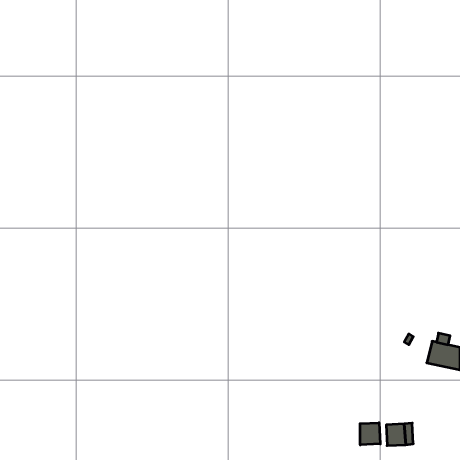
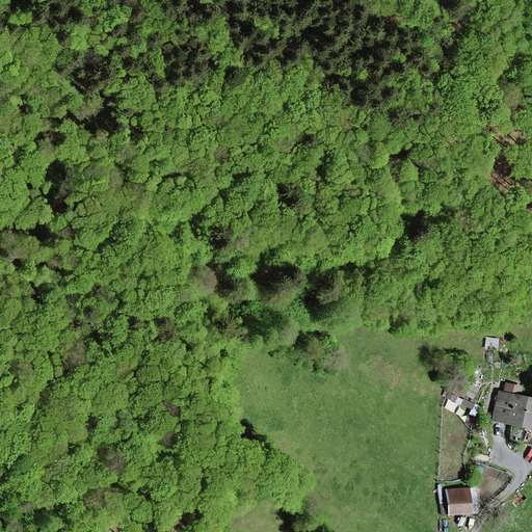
building: [360,423,380,445] -> none

